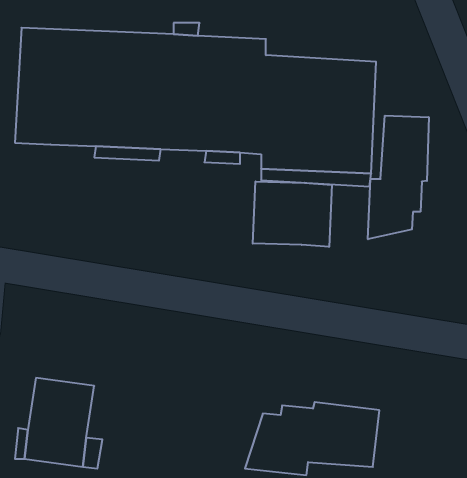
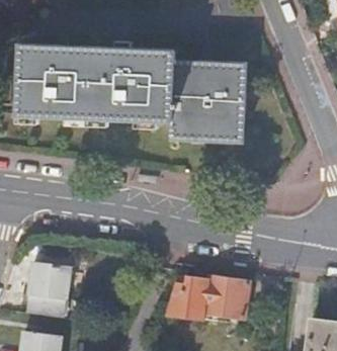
building: [368,116,429,239] -> none
building: [253,181,332,247] -> none

